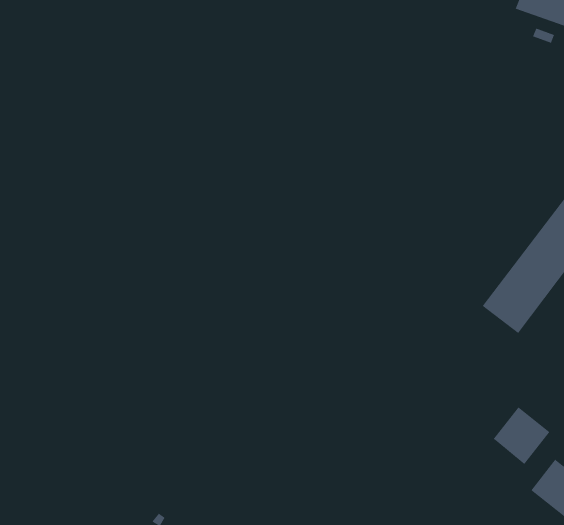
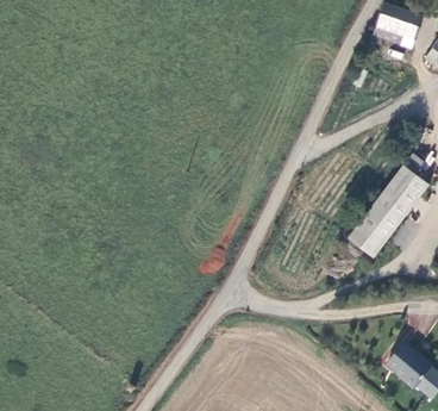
building: [493,407,550,464] -> none

